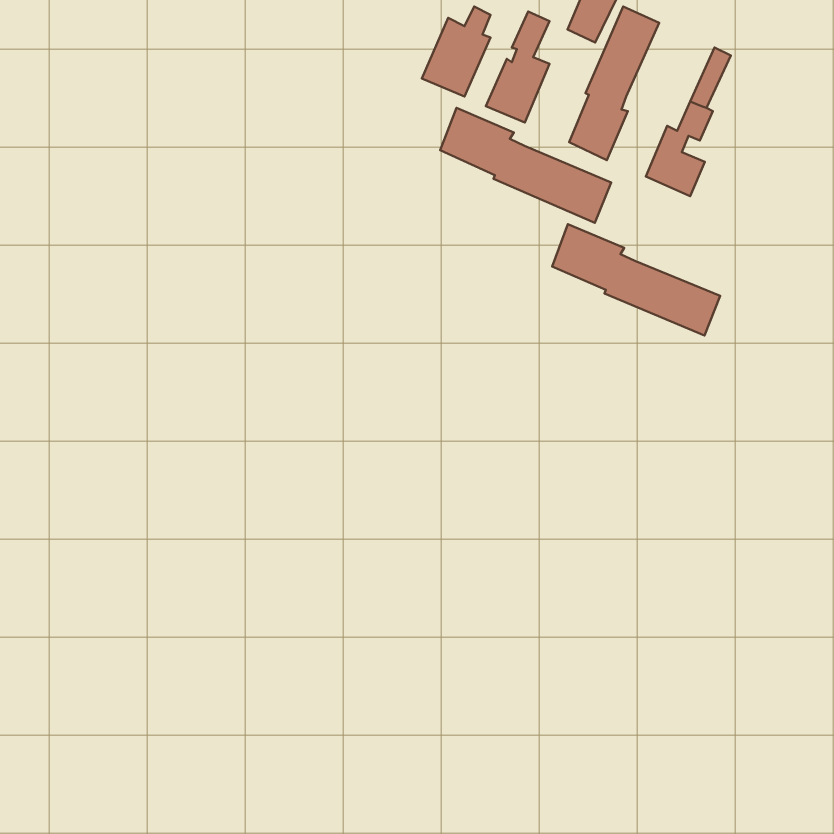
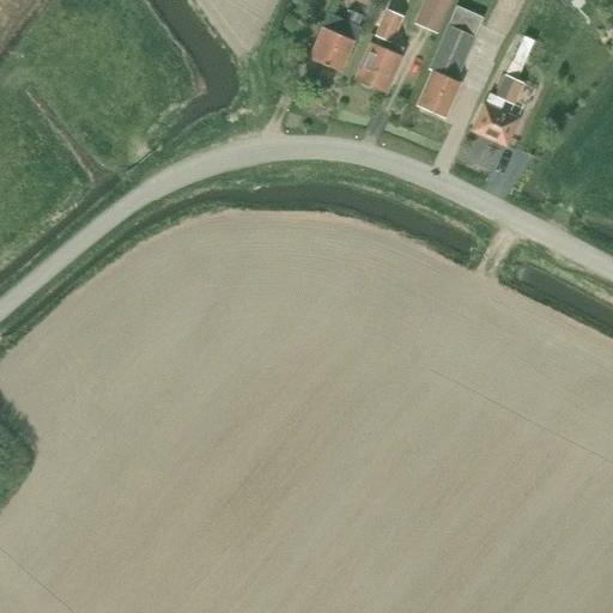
building: [440,108,611,223] -> none
building: [552,224,720,335] -> none

